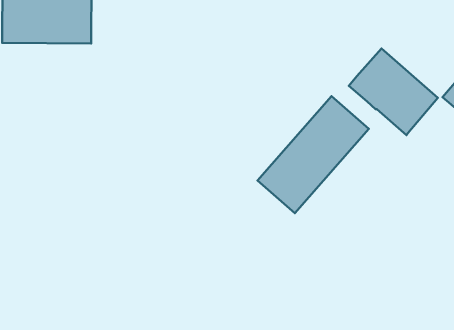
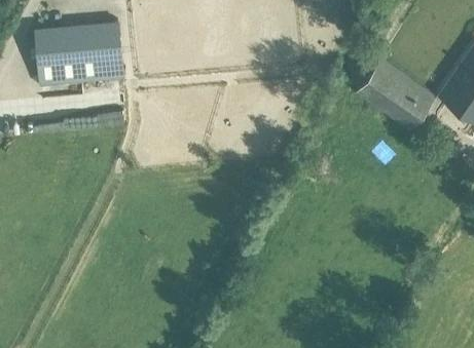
building: [257,96,369,213] -> none

